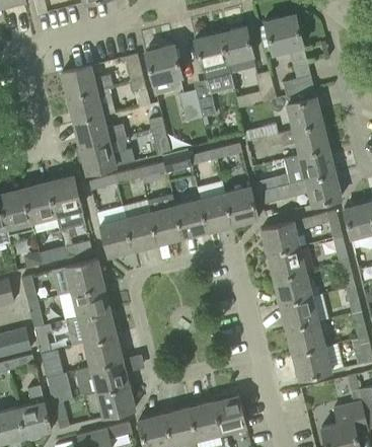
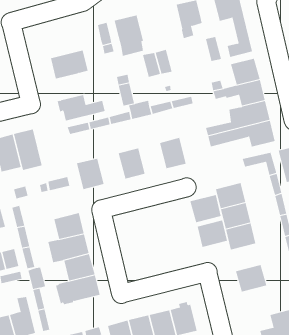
building: [195,32,229,80] -> none
building: [61,66,114,97] -> none
building: [74,116,125,148] -> none
building: [48,176,81,231] -> none
building: [225,187,258,225] -> none
building: [175,200,208,237] -> none
building: [126,212,158,249] -> none
building: [261,221,299,255] -> [190,194,221,223]
building: [65,258,103,292] -> none
building: [286,321,323,355] -> [197,220,228,248]
building: [96,383,135,417] -> none

